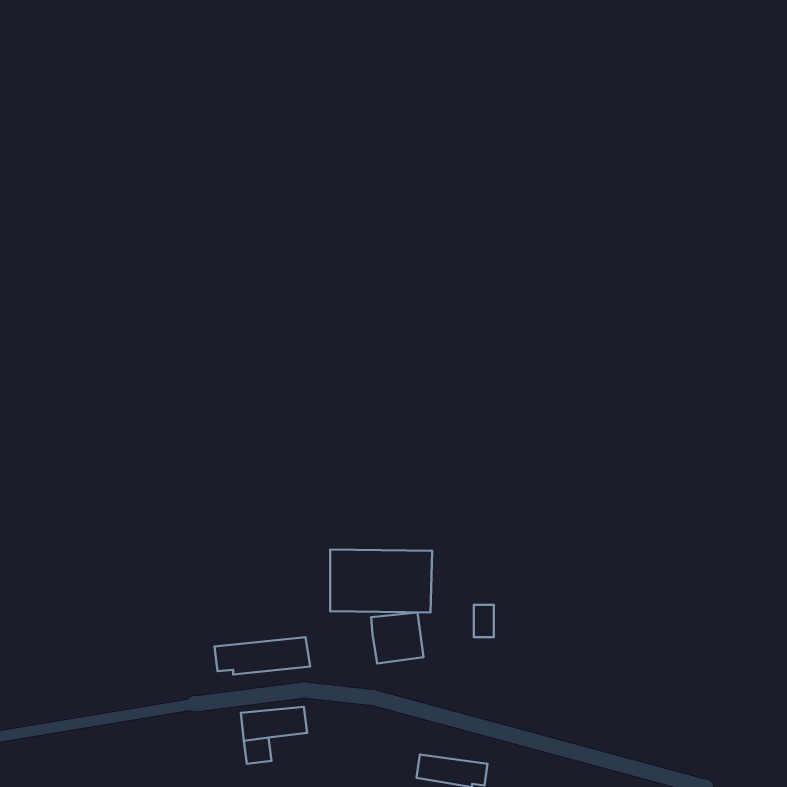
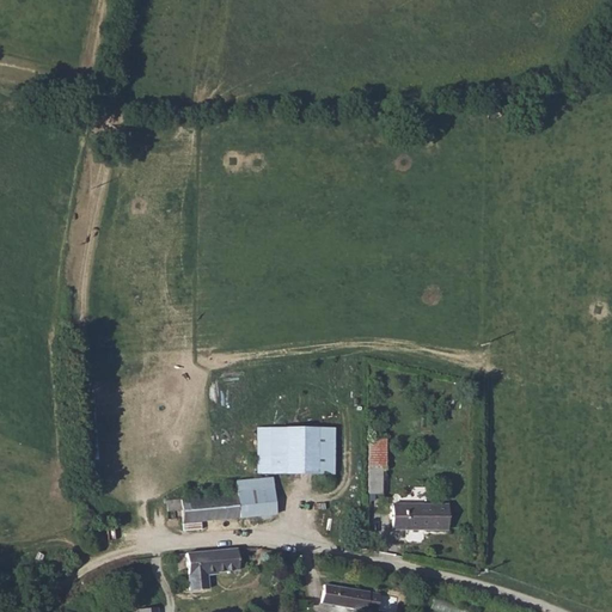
building: none -> [368,439,387,469]
building: [371,612,424,663] -> [237,477,277,516]
building: none -> [393,503,448,530]

